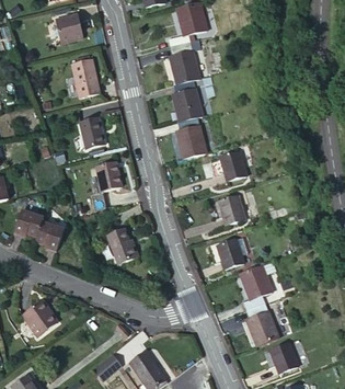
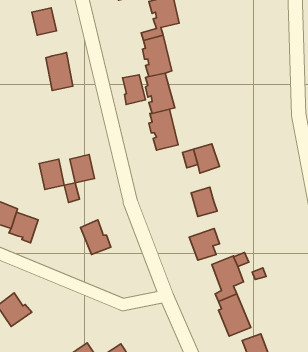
building: none -> [122,75,145,105]
building: [80,117,105,148] -> [39,159,64,190]

